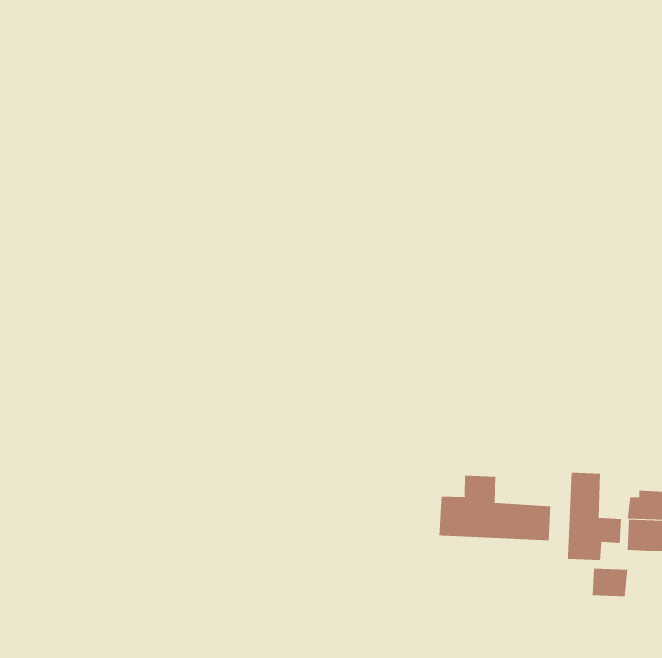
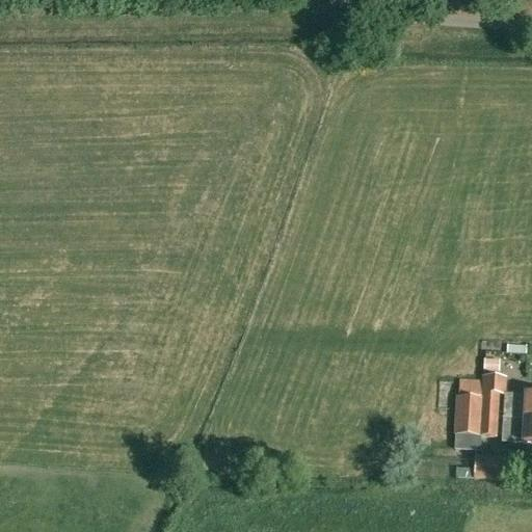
building: none -> [481,373,508,415]
building: [439,475,551,541] -> none

